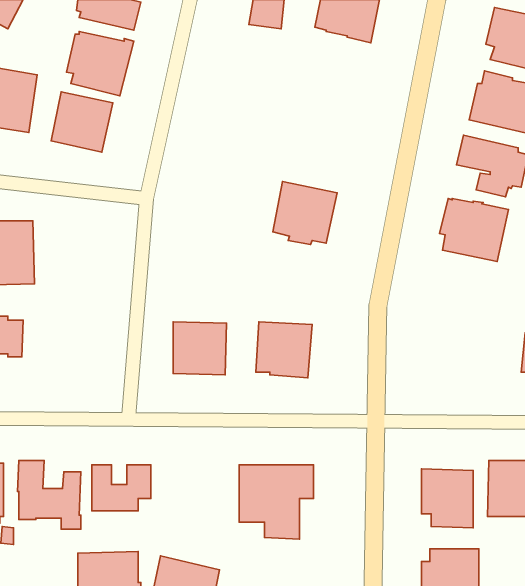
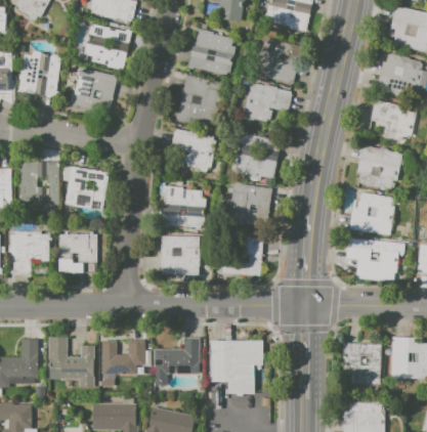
building: none -> [187,29,234,76]
building: none -> [255,38,301,84]
building: none -> [174,75,228,130]
building: none -> [241,83,291,126]
building: none -> [170,128,216,173]
building: none -> [61,166,108,211]
building: none -> [228,183,272,225]
building: none -> [161,185,205,227]
building: none -> [348,192,396,235]
building: none -> [58,233,96,273]
building: none -> [345,239,404,279]
building: none -> [154,338,200,386]

